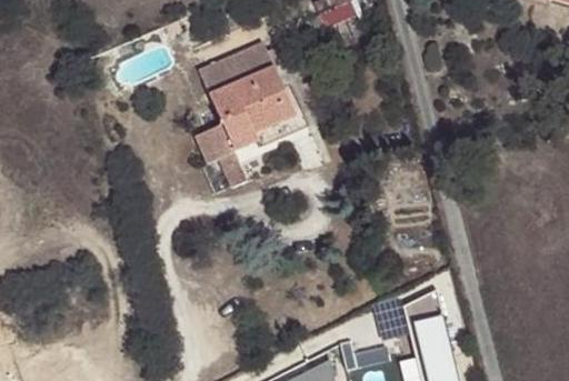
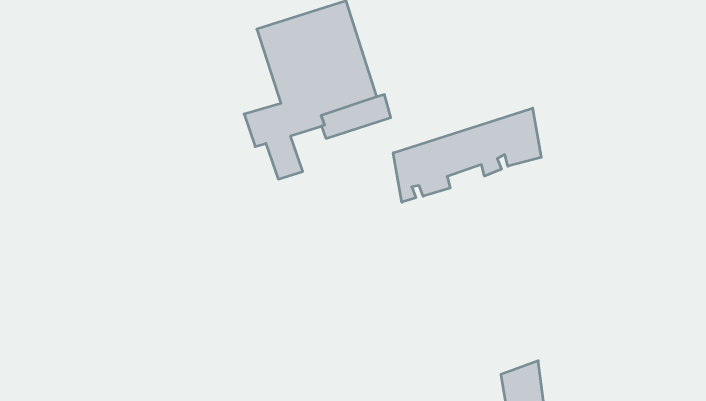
building: none -> [393,108,541,202]

